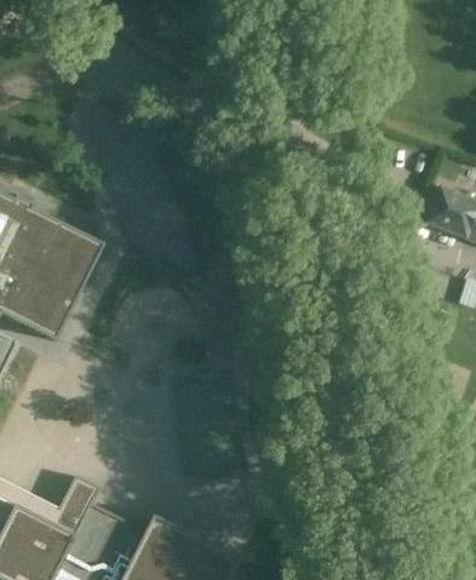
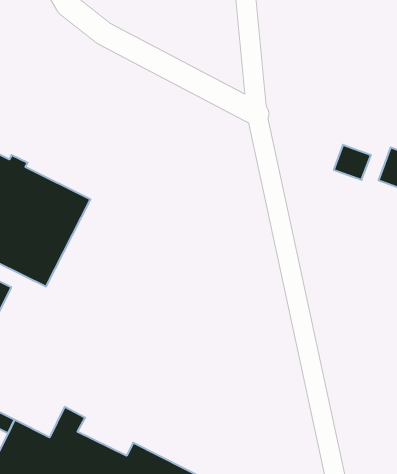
building: none -> [334,145,371,180]

